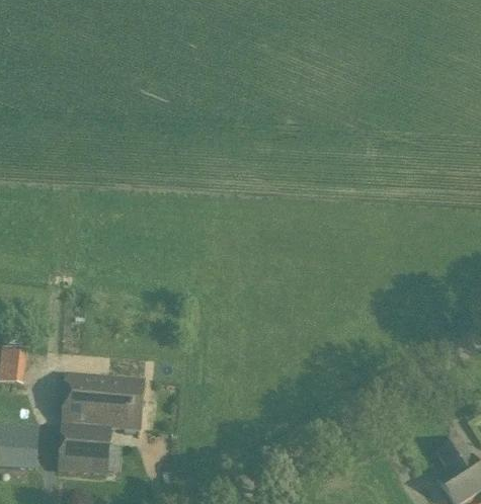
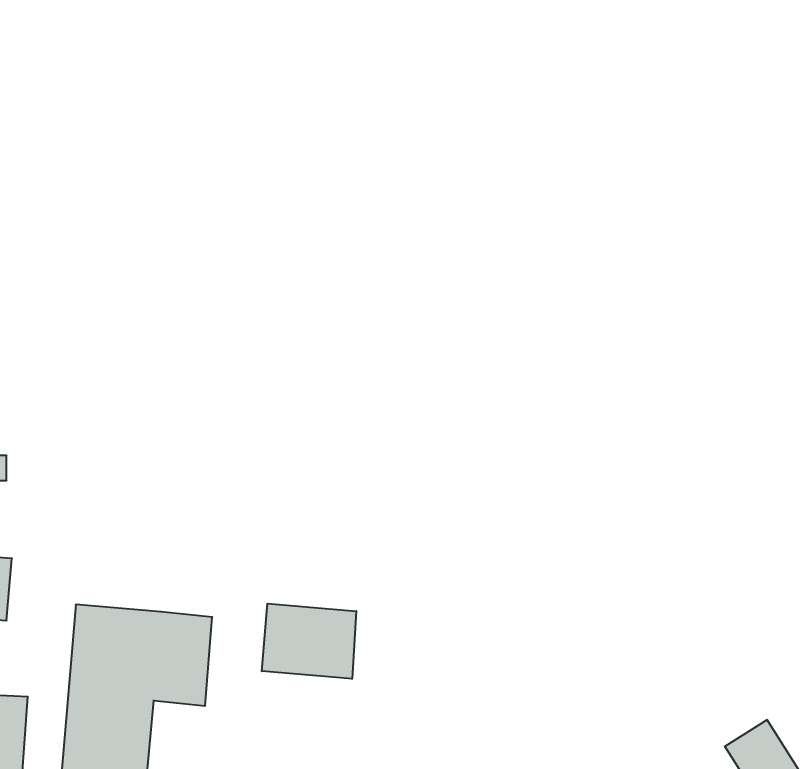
building: none -> [262,604,356,679]

